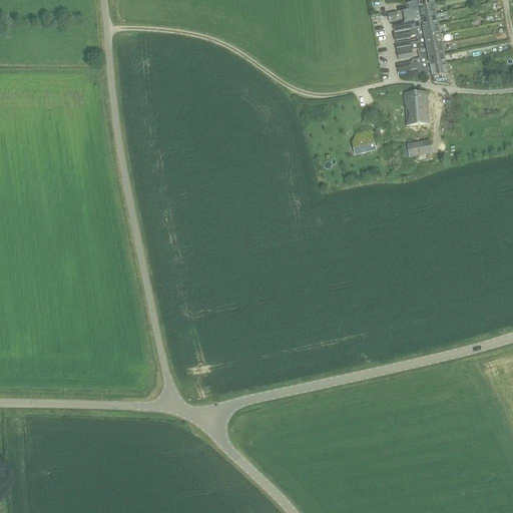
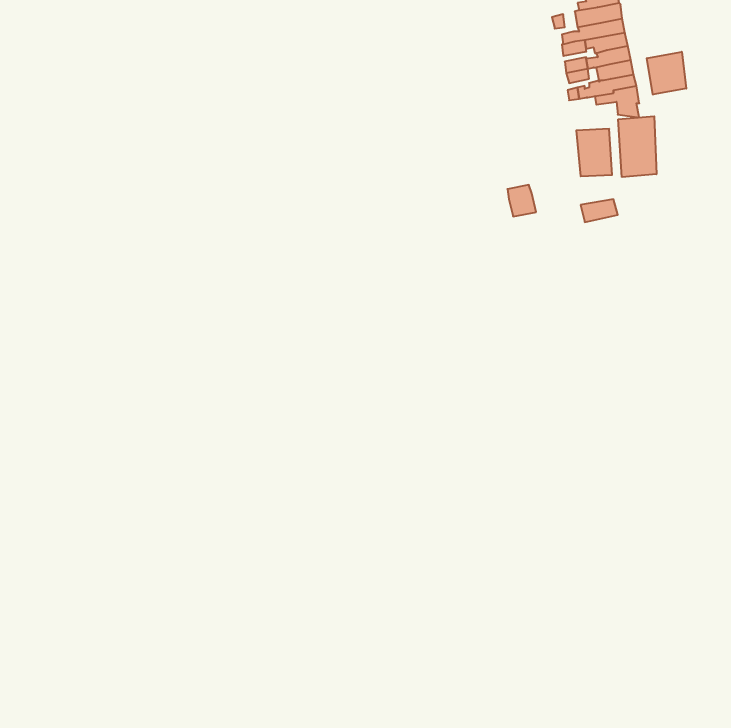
building: none -> [647,52,686,95]
building: none -> [618,116,656,177]

